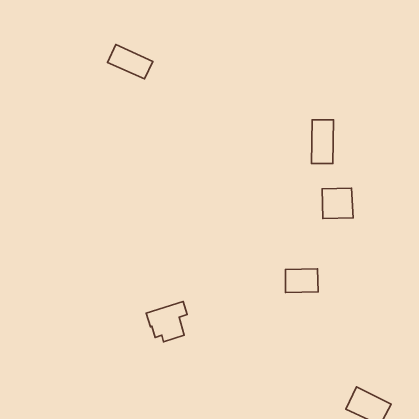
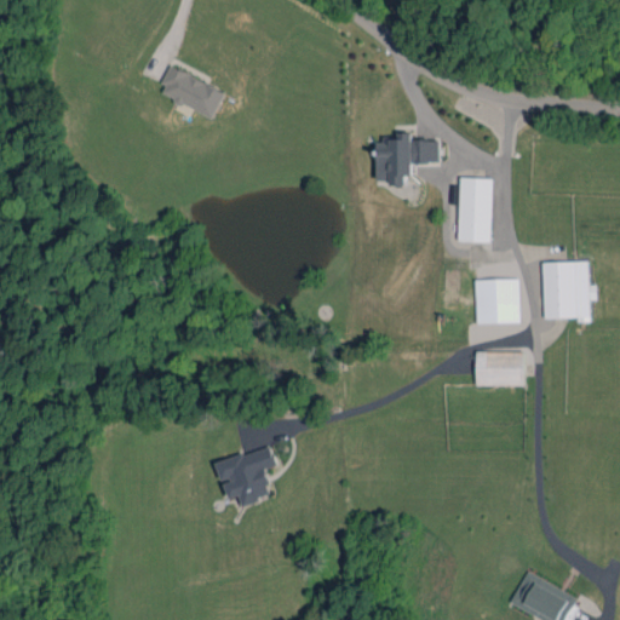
building: none -> [375,136,440,185]
building: none -> [542,262,595,322]
building: [285,269,318,293] -> [476,351,524,386]

